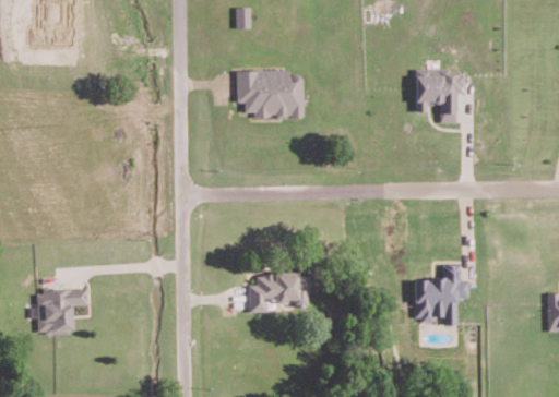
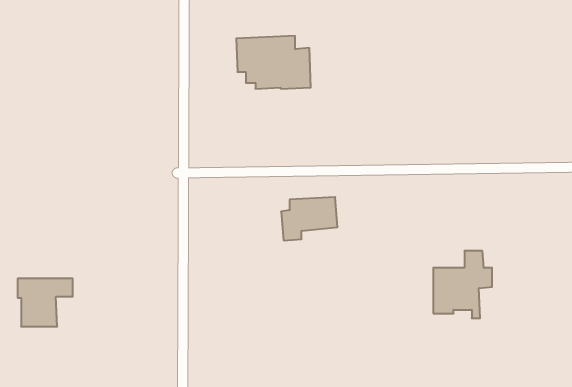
building: [414,71,463,123] -> none
building: [247,273,298,312] -> [281,197,338,240]

